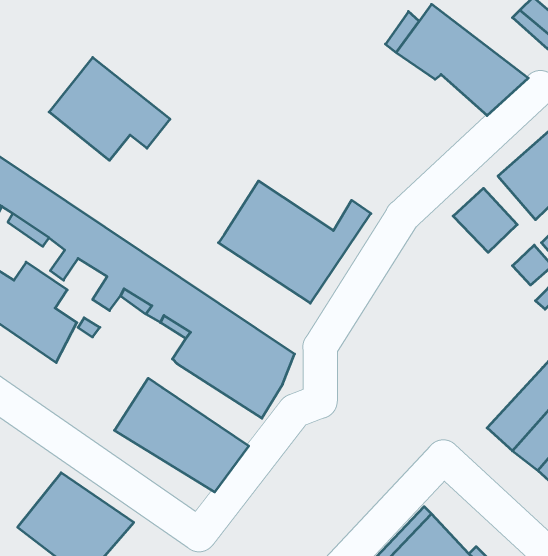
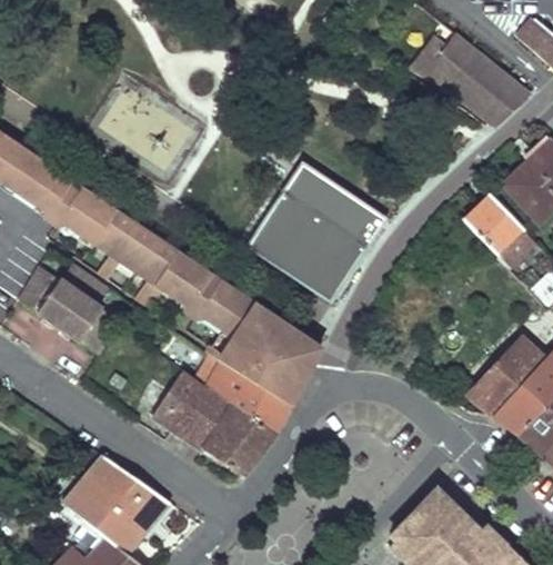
building: none -> [284,159,370,232]
building: none -> [471,338,545,414]
building: none -> [197,355,288,430]

